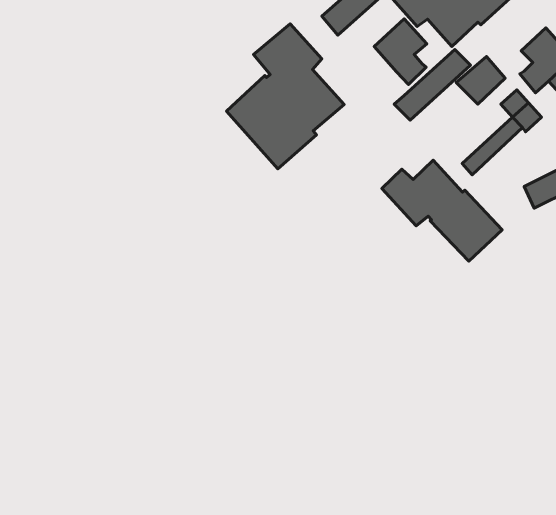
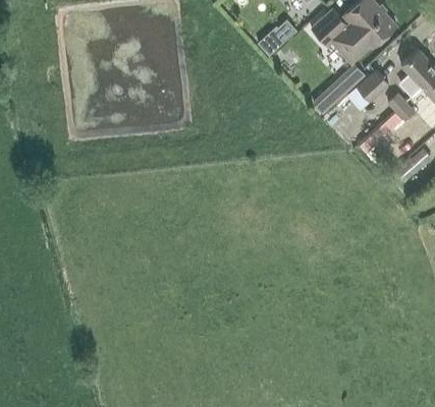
building: [374,19,427,84] -> none
building: [226,24,344,169] -> none
building: [382,160,502,261] -> none

